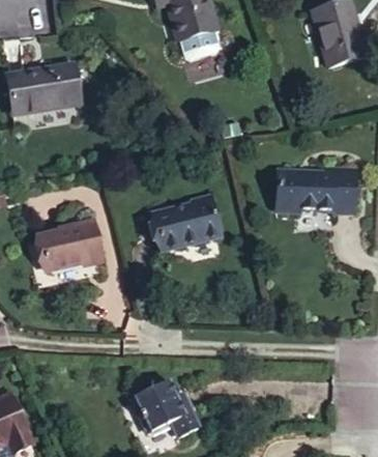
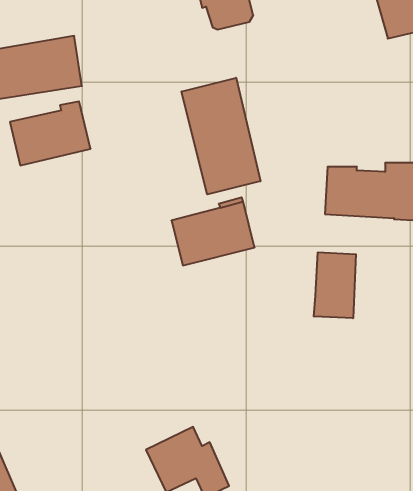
building: none -> [182,78,260,194]
building: [36,218,101,269] -> [10,101,91,165]
building: none -> [314,252,356,318]

